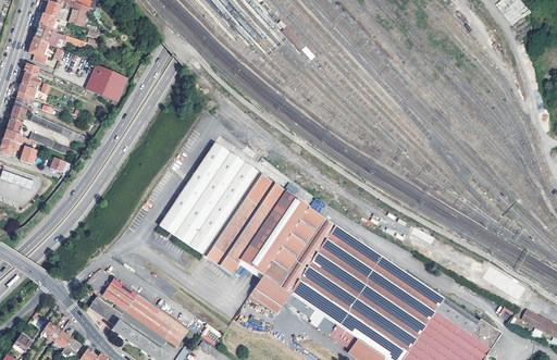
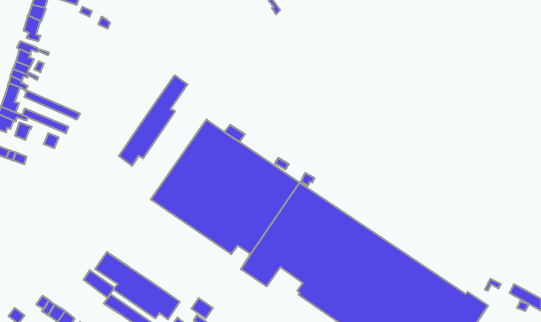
building: [86,64,127,100] -> none
building: none -> [119,75,188,166]

